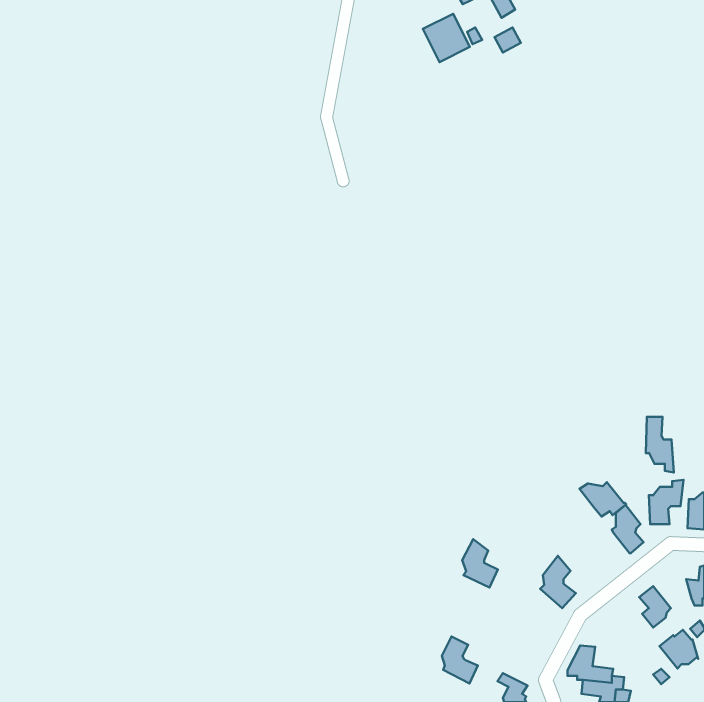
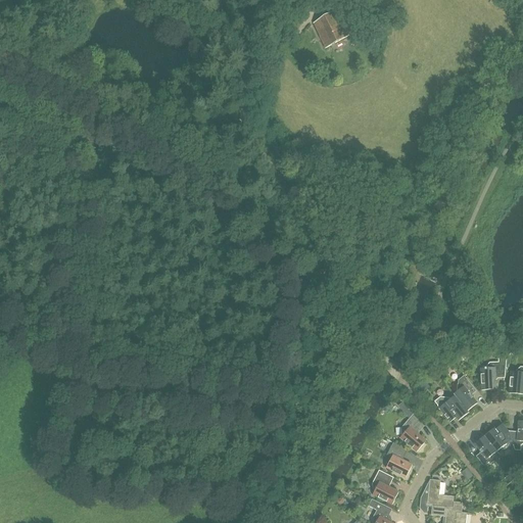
building: [646,417,674,472] -> none
building: [579,482,626,517] -> [434,394,469,420]
building: [462,539,498,588] -> [386,440,413,476]
building: [659,630,698,668] -> [484,422,513,450]
building: [442,637,478,684] -> [373,469,399,504]

